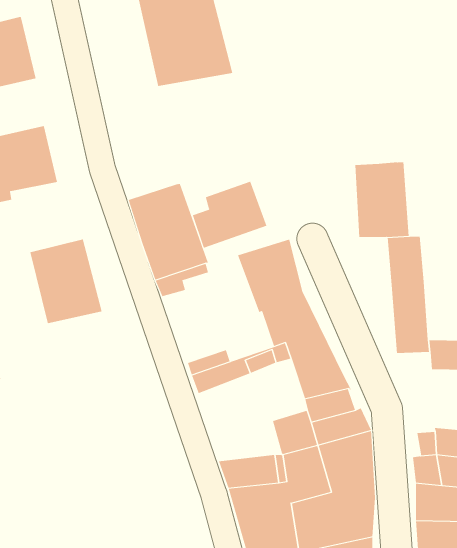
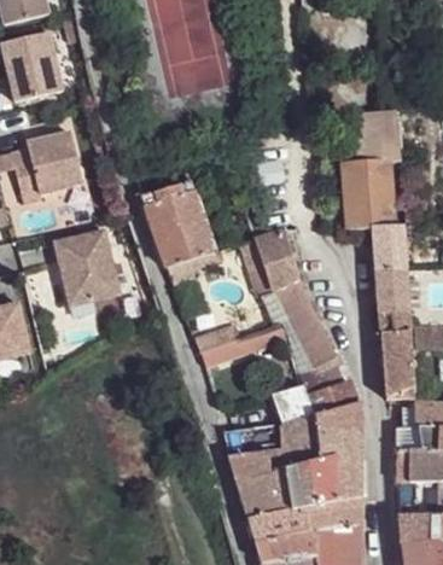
building: none -> [369,111,401,162]
building: [192,181,267,249] -> none
building: none -> [381,332,416,398]

